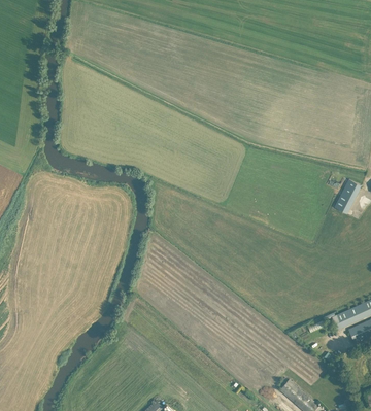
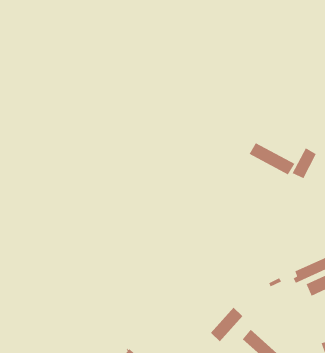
building: none -> [248,142,295,176]
building: none -> [210,307,243,342]

